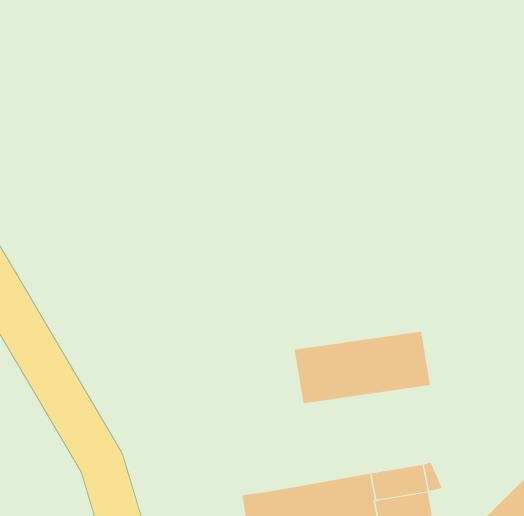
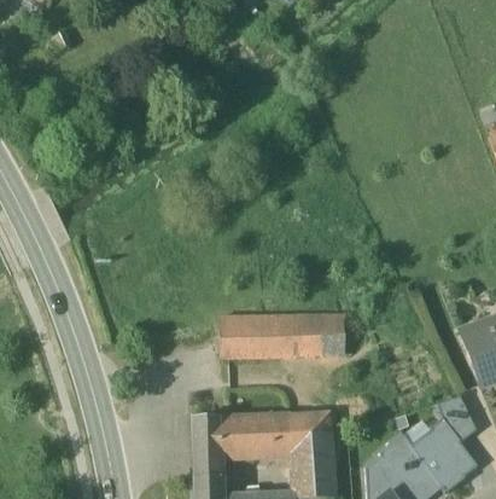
building: none -> [221,317,247,358]

